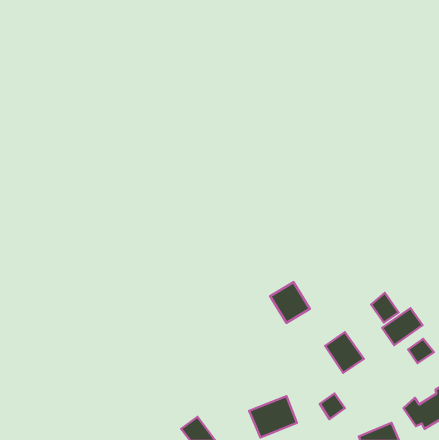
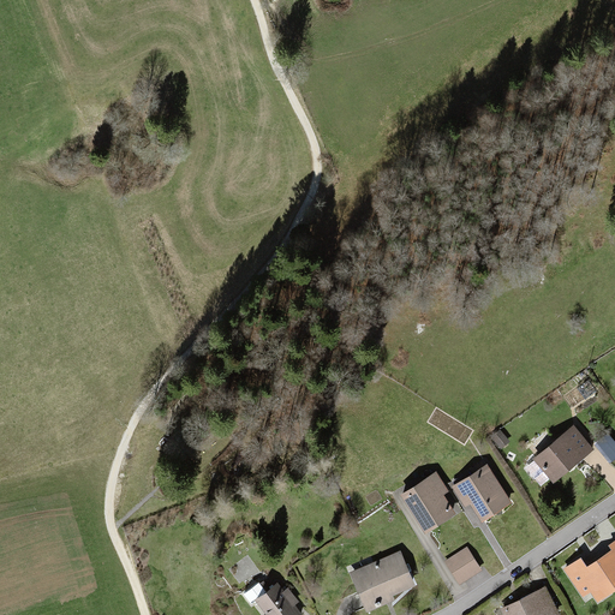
building: [270,282,310,323] -> [400,472,455,529]
building: [371,293,398,323] -> none
building: [408,339,434,363] -> none

